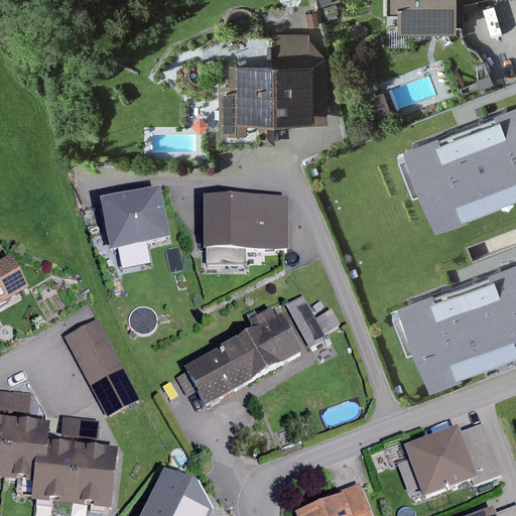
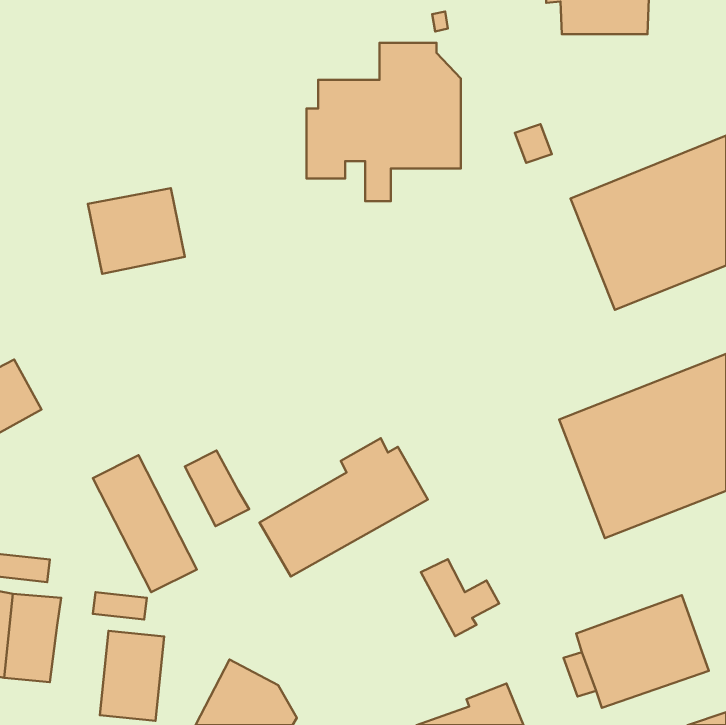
building: [101,190,169,251] -> [88,188,185,274]
building: [203,198,287,250] -> none
building: [284,293,340,348] -> [421,559,499,636]
building: none -> [185,450,249,526]
building: [33,441,77,505] -> none

